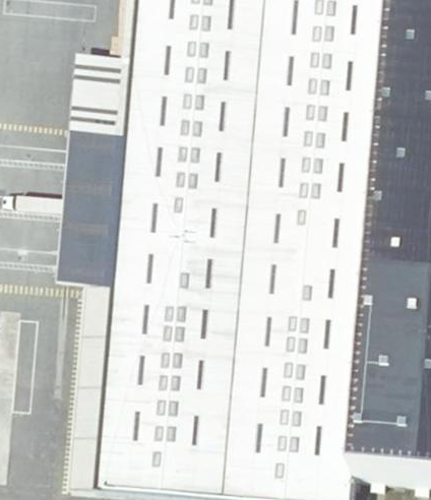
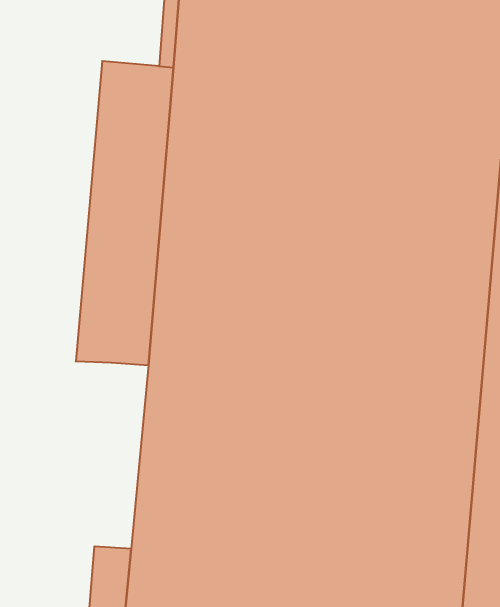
building: [86,284,128,427] -> none

